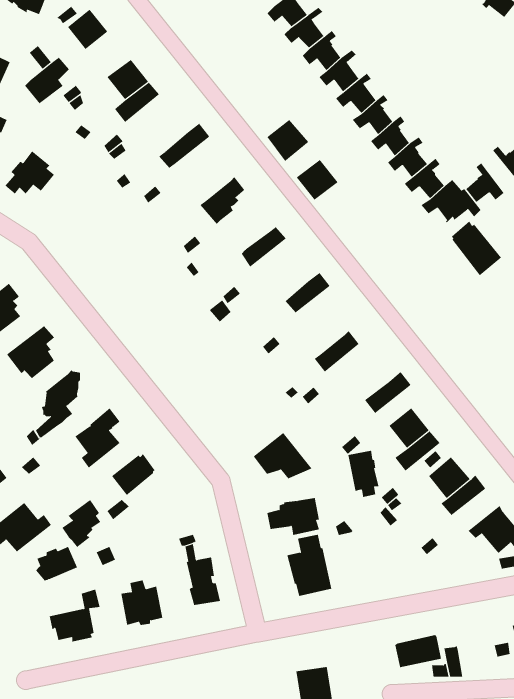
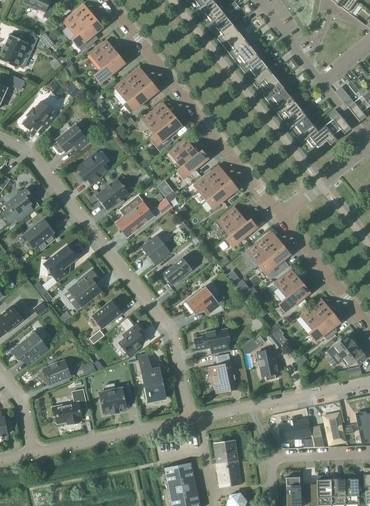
building: [24,57,70,104] -> [72,19,102,50]
building: none -> [116,73,143,101]
building: [267,119,309,162] -> [143,105,171,133]
building: [296,159,339,200] -> [169,138,197,165]
building: none -> [54,124,90,152]
building: [451,220,502,276] -> none
building: none -> [78,151,110,183]
building: none -> [195,171,222,199]
building: none -> [97,177,129,208]
building: none -> [116,201,154,236]
building: none -> [215,206,246,234]
building: none -> [141,233,171,265]
building: none -> [247,237,275,264]
building: none -> [162,256,192,285]
building: [347,450,379,497] -> [257,348,278,379]
building: [62,499,101,548] -> [119,323,145,355]
building: none -> [324,412,345,443]

